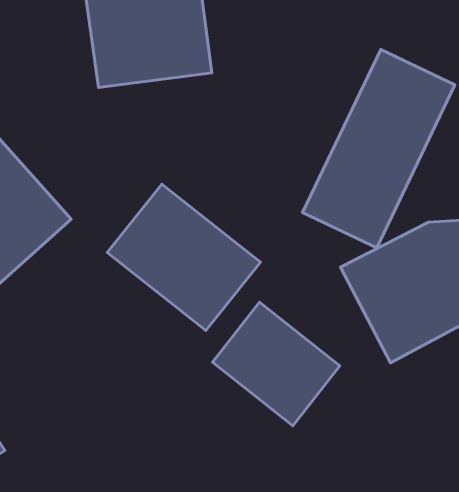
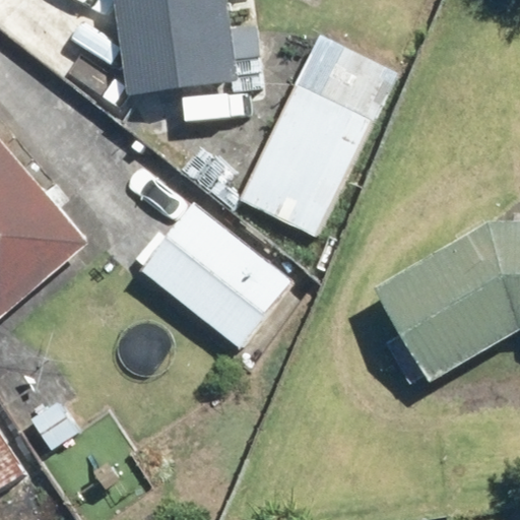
building: [303,50,455,248] -> [236,31,394,238]
building: [212,302,340,426] -> none

